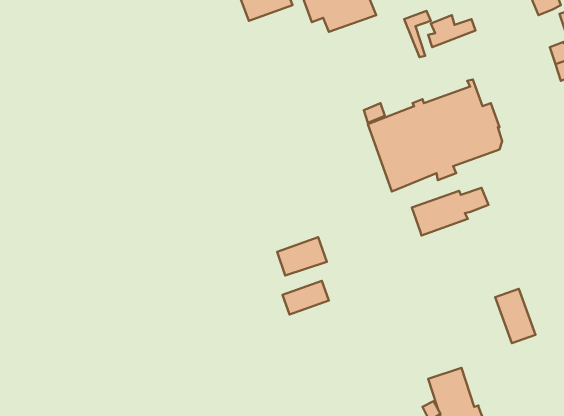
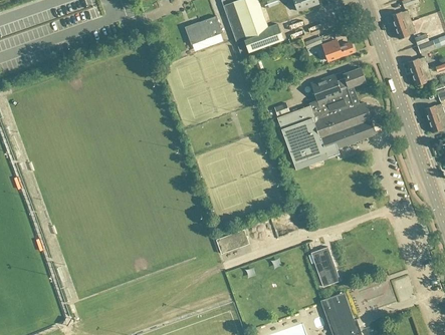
building: [412,188,489,235] -> [310,67,366,101]
building: [277,237,327,275] -> none
building: [495,289,536,343] -> [311,246,341,285]

